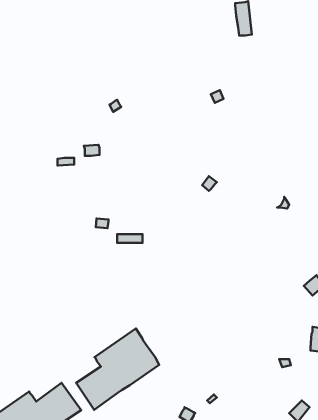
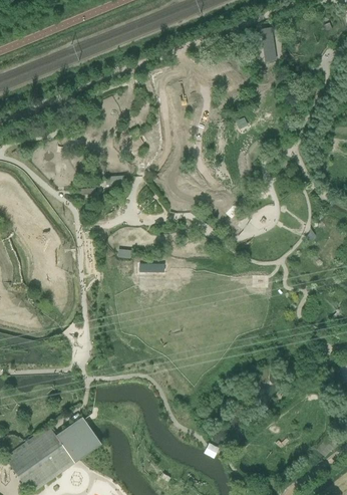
building: [76,329,159,410] -> none

